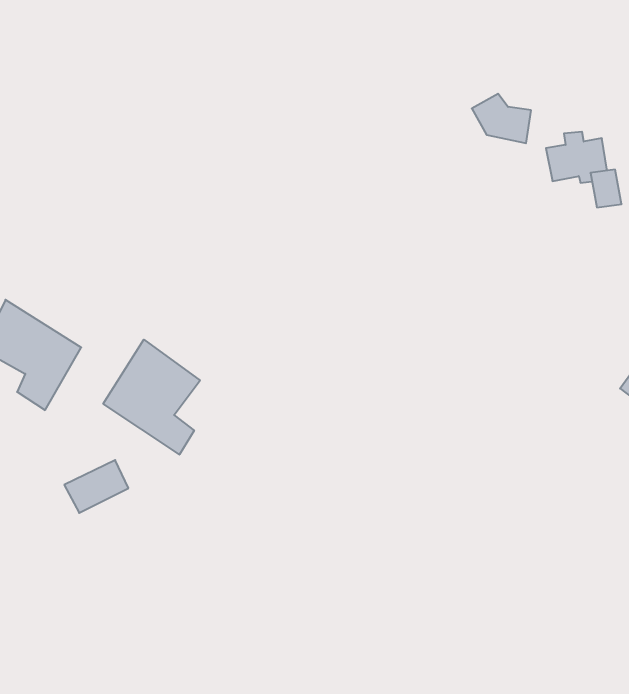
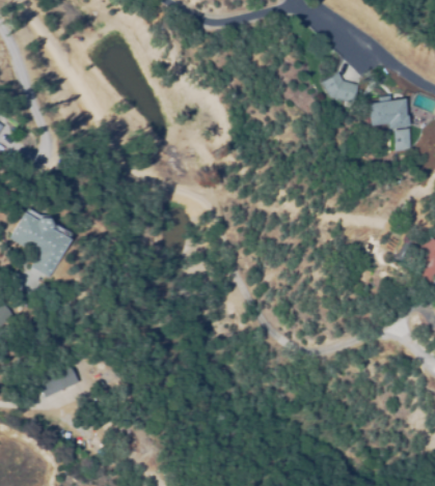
building: [103,340,200,455] -> none
building: [64,460,128,513] -> [39,362,80,395]

